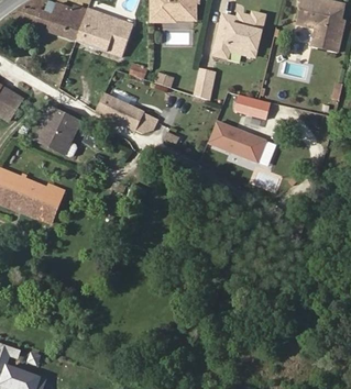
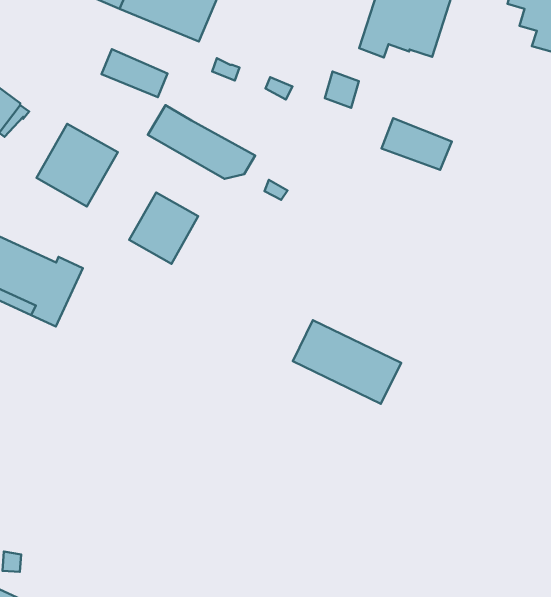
building: none -> [101,49,167,97]
building: [205,119,266,164] -> [293,320,401,404]
building: none -> [129,192,198,264]

